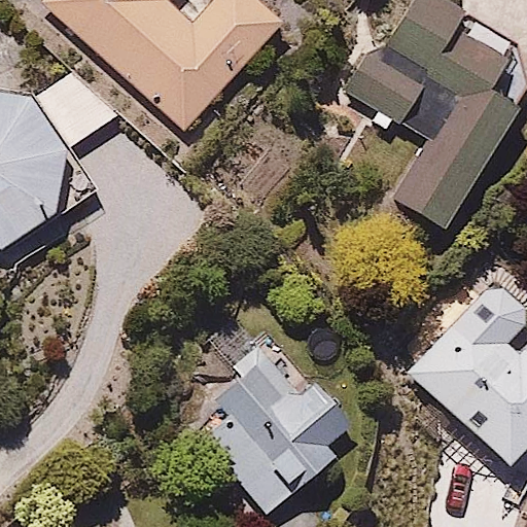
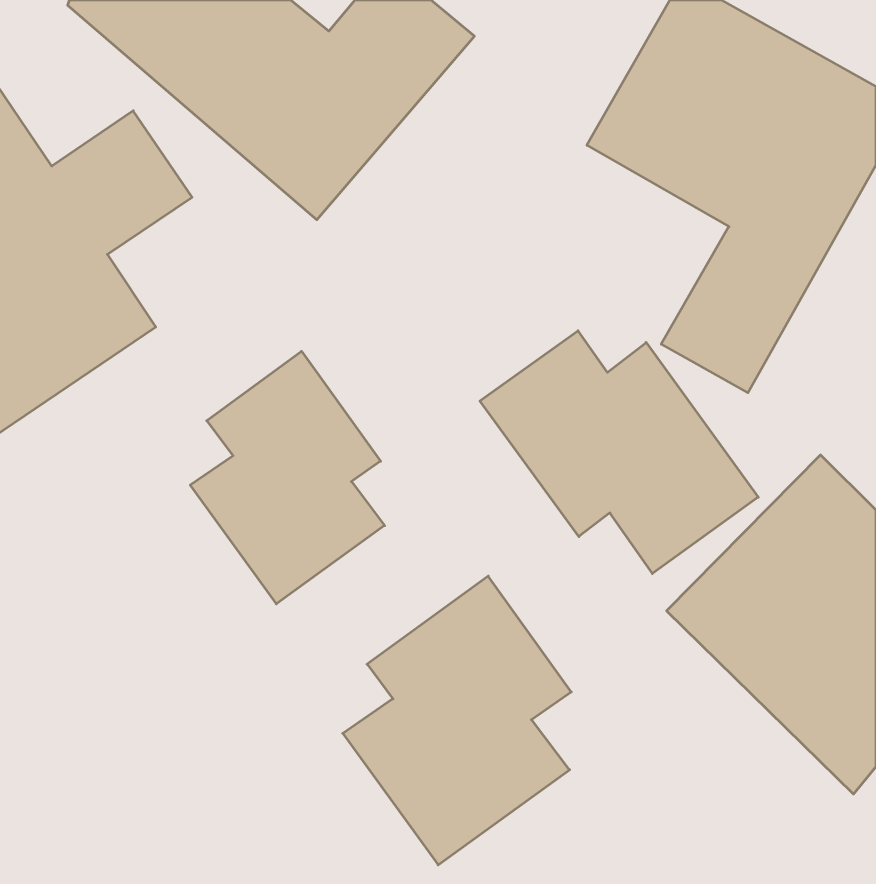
building: none -> [480,331,758,574]
building: none -> [190,351,385,604]

